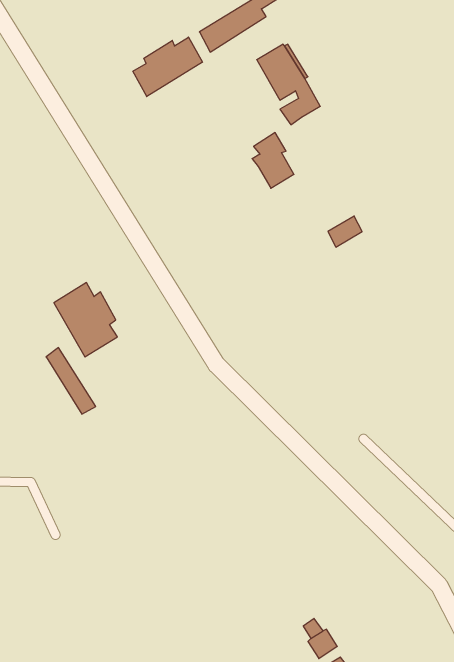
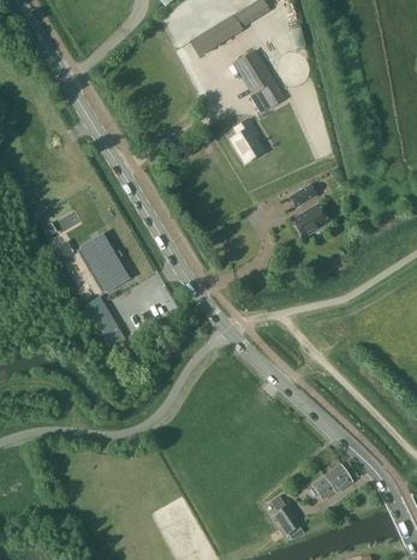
building: [133,37,202,97] -> none
building: none -> [293,203,329,237]
building: none -> [308,464,352,498]

